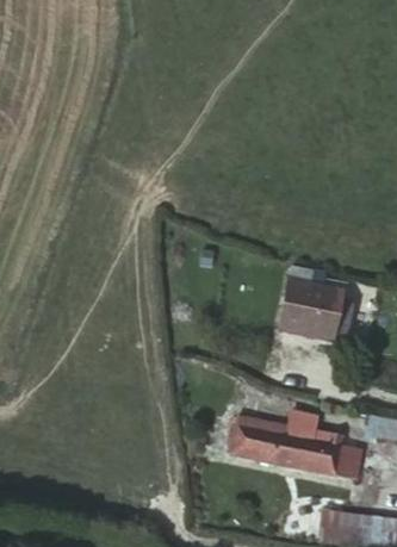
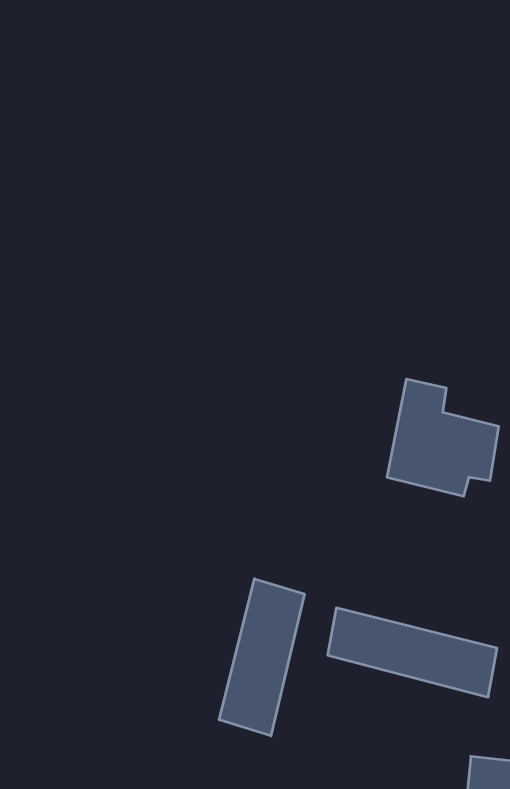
building: none -> [219,579,304,736]

